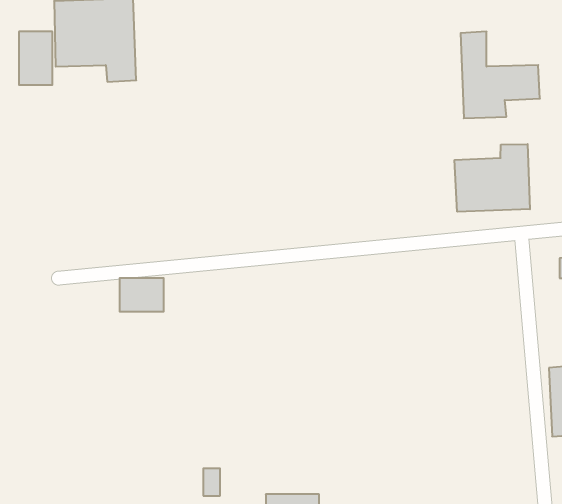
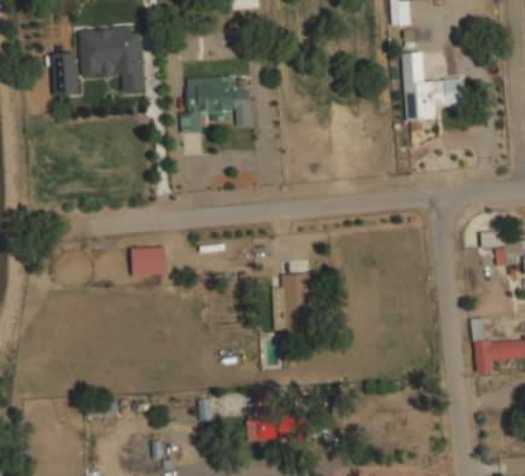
building: none -> [180,76,252,134]
building: [455,144,530,212] -> none
building: none -> [273,274,311,335]

